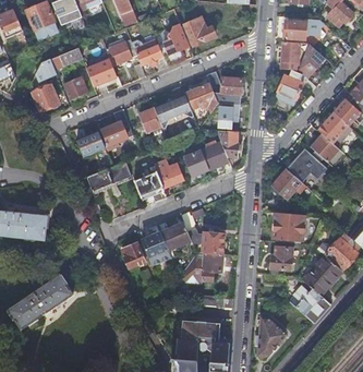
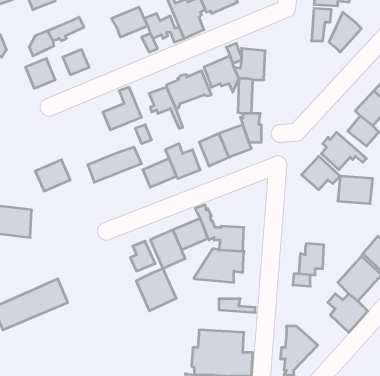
building: [87,57,119,87] -> none
building: [274,69,316,104] -> none
building: [76,131,107,158] -> [35,160,70,191]
building: [273,214,303,238] -> [338,176,373,204]
building: none -> [136,269,176,311]

